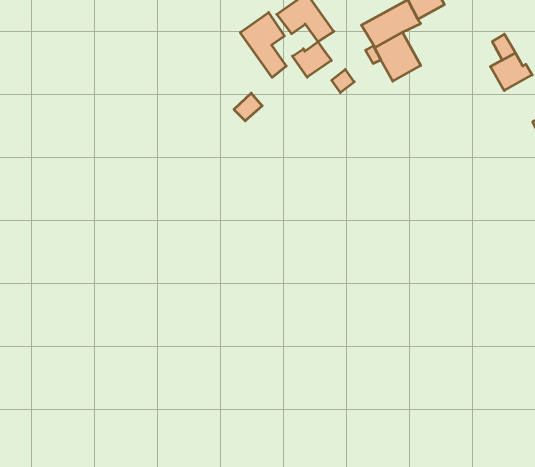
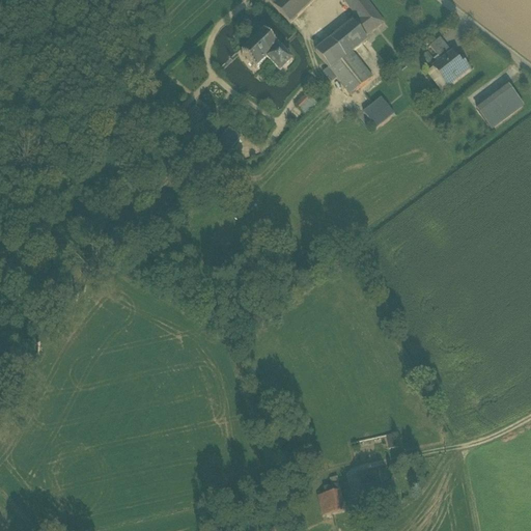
building: [240,12,286,77] -> none
building: [292,42,331,77] -> none
building: none -> [363,94,394,124]

